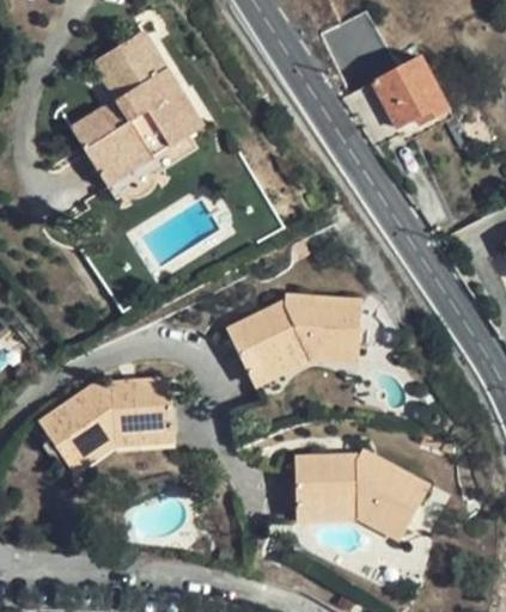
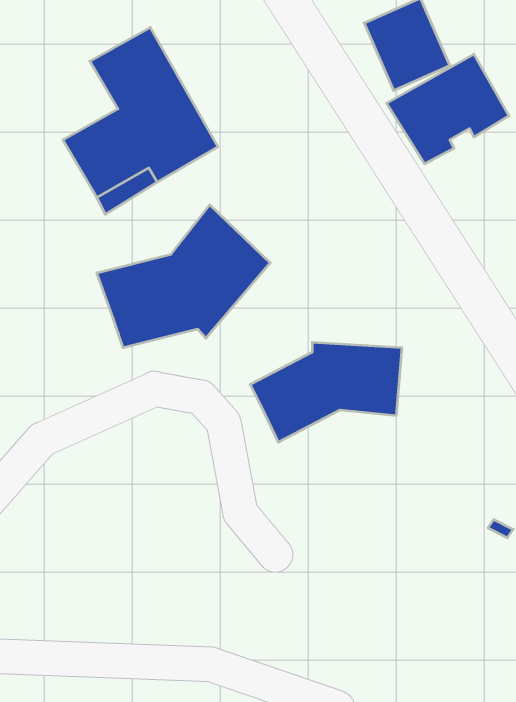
building: none -> [97,205,270,348]
building: [39,379,175,466] -> none
building: [293,452,426,537] -> none

